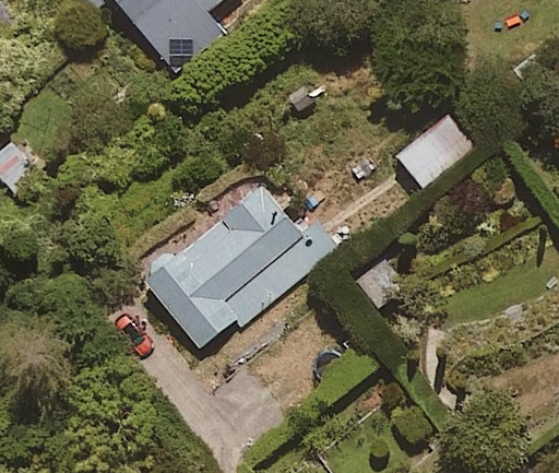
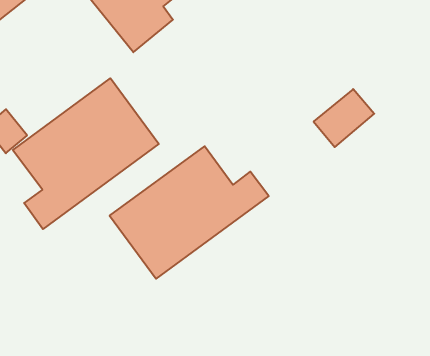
building: none -> [13,78,159,229]

